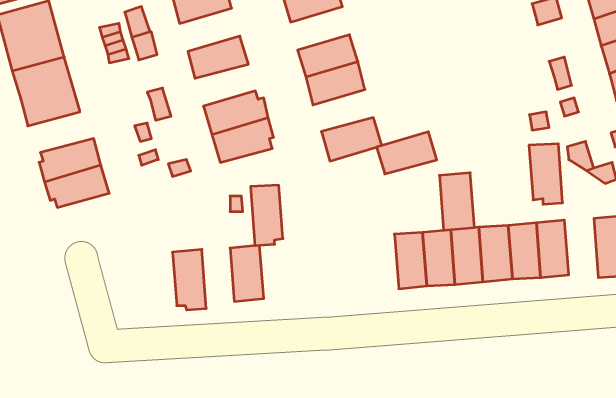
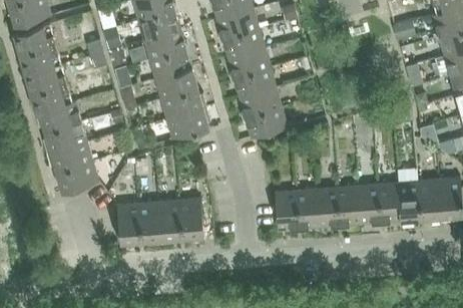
building: none -> [221,27,264,58]
building: none -> [142,28,185,59]
building: none -> [153,68,196,98]
building: none -> [34,100,81,131]
building: [376,132,437,174] -> [238,86,281,116]
building: [529,144,563,204] -> [417,179,441,222]
building: [439,173,475,230] -> [274,190,299,231]
building: [251,185,283,246] -> [158,200,181,243]
building: none -> [55,161,98,192]
building: none -> [116,203,140,243]

